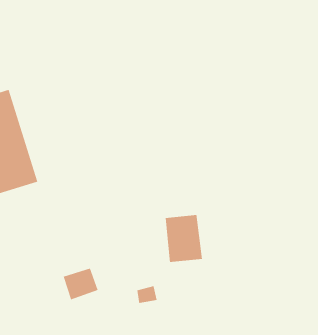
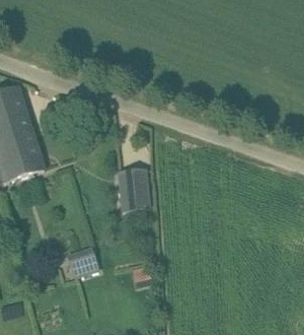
building: [165,215,203,262] -> [118,168,152,211]

